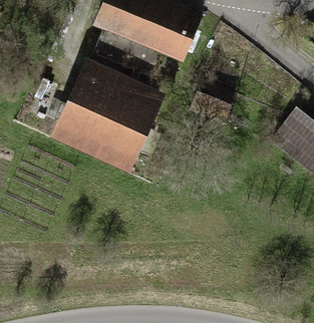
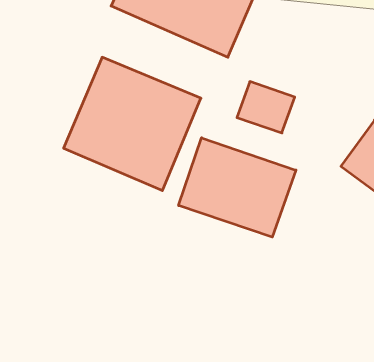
building: none -> [179,138,296,237]

